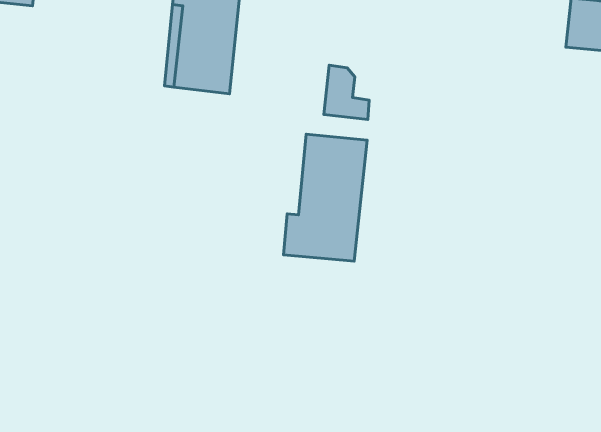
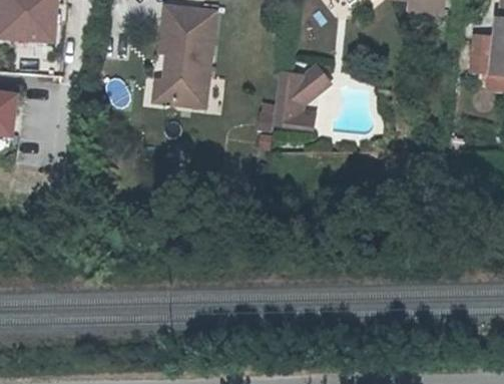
building: none -> [284,67,330,105]
building: [284,134,367,261] -> none

